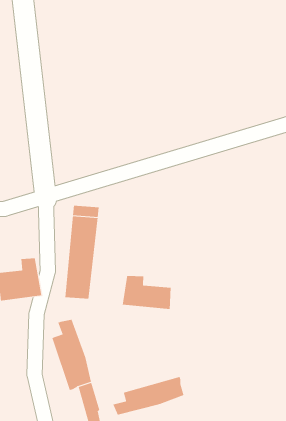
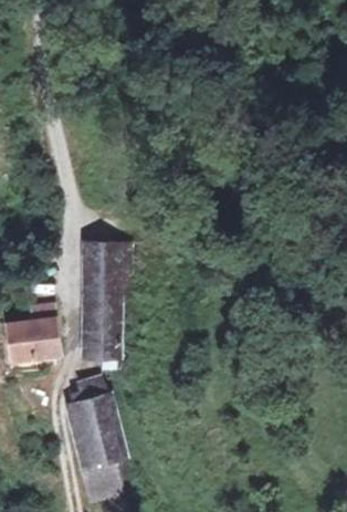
building: [122,275,171,310] -> none
building: [112,376,184,416] -> none

